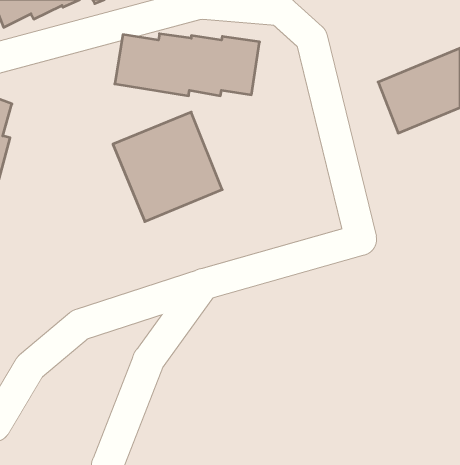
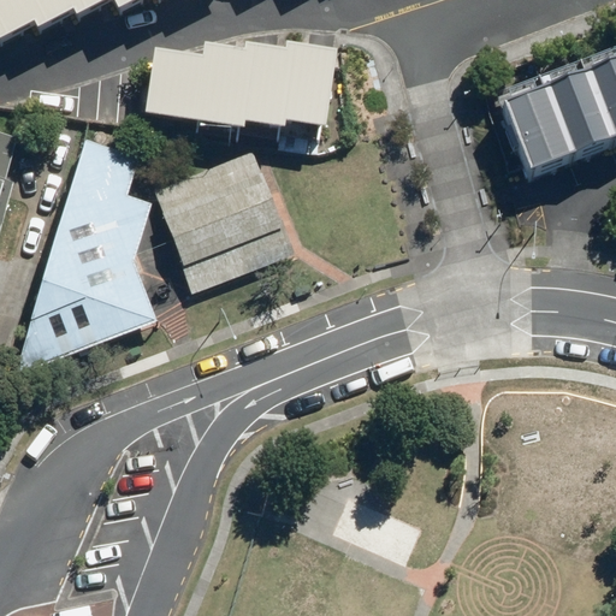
building: none -> [8,143,156,379]

